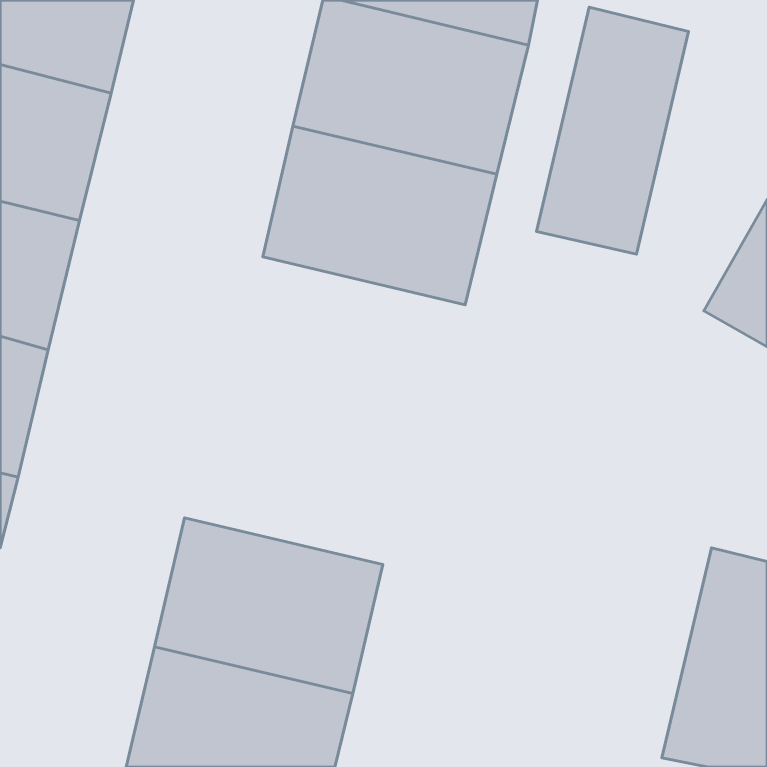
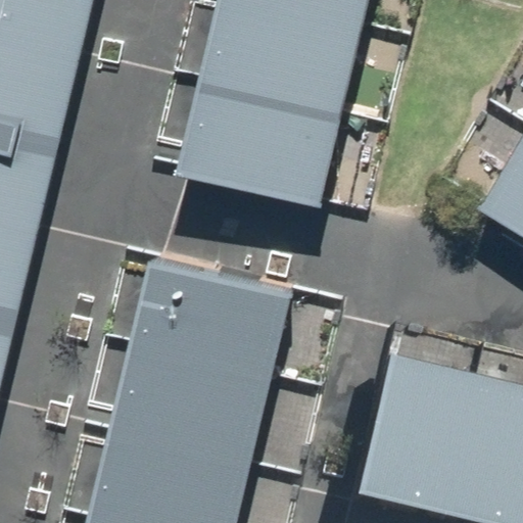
building: [536,7,689,254] -> none
building: none -> [126,265,281,384]
building: none -> [361,352,484,516]

